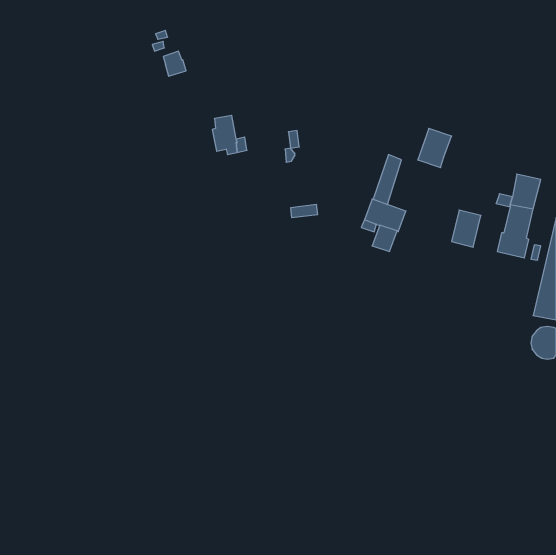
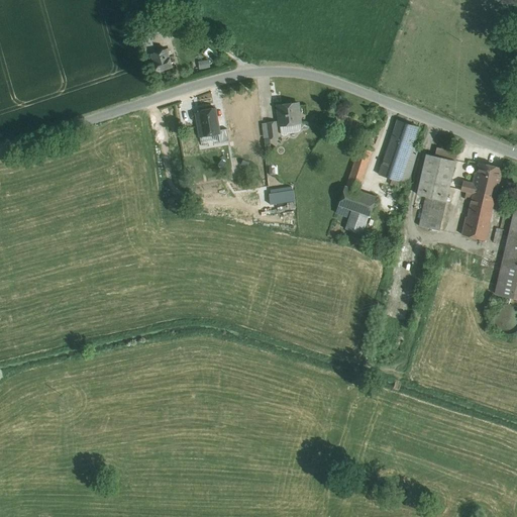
building: none -> [278,102,301,134]
building: none -> [379,145,418,183]
building: none -> [417,153,455,200]

